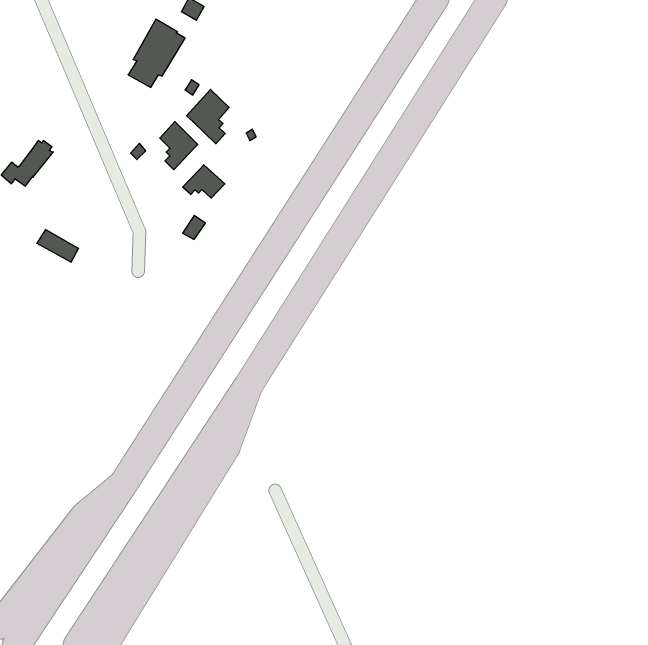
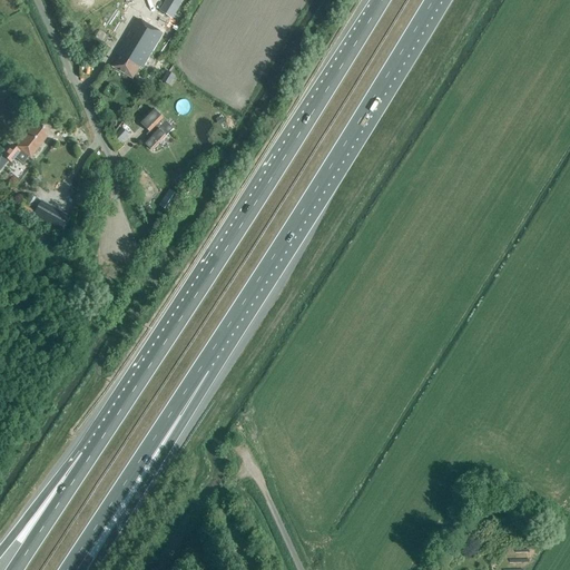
building: [187,89,229,144] -> none
building: [183,165,225,198] -> none

